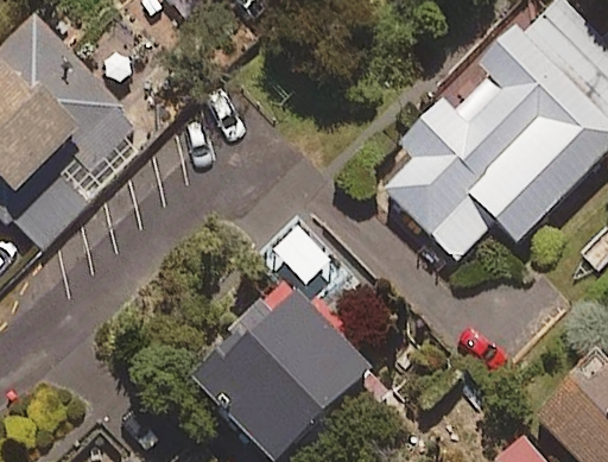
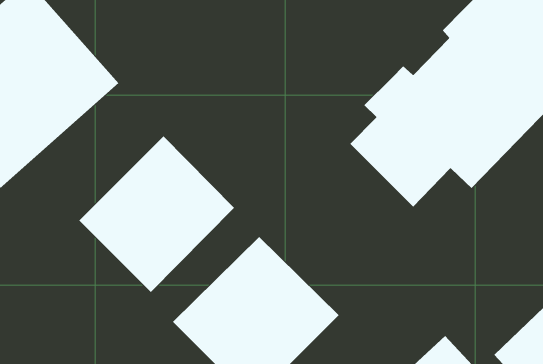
building: none -> [79,136,235,293]

